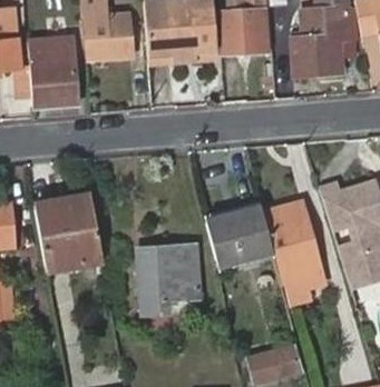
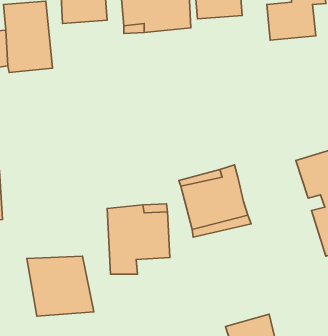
building: [35,199,101,259] -> [27,256,94,316]
building: [263,199,324,282] -> none

